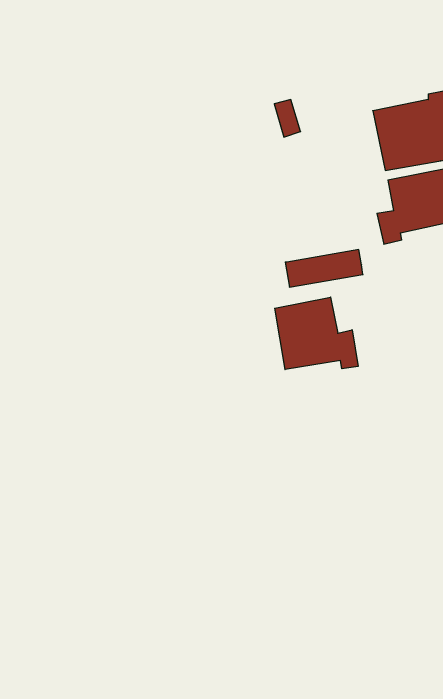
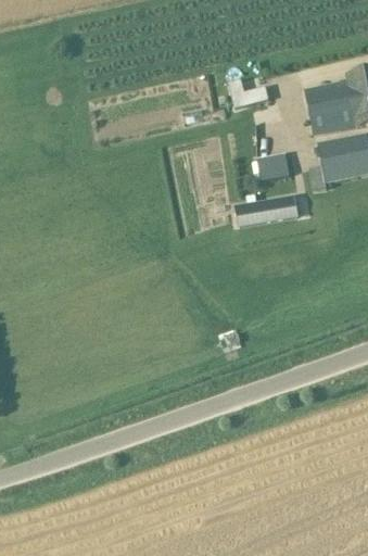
building: none -> [255,152,287,178]
building: [275,297,358,370] -> none

